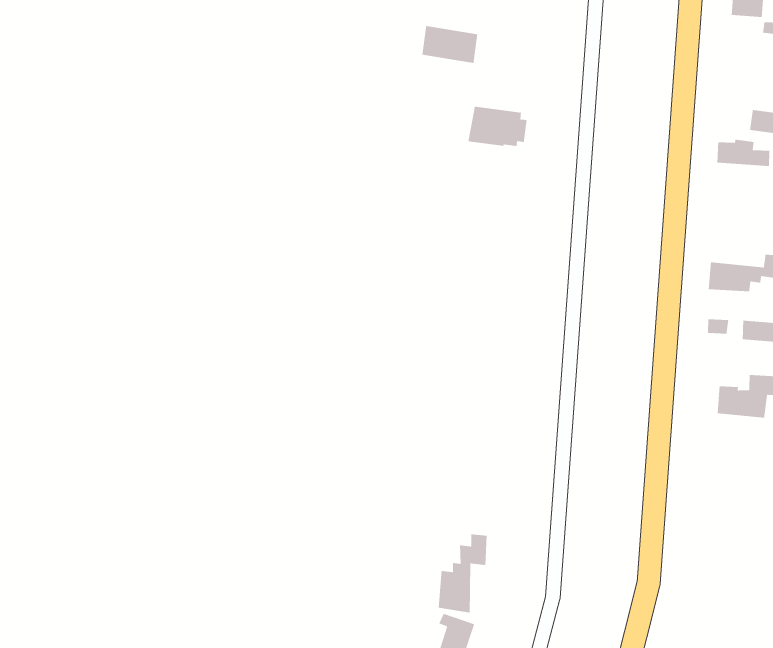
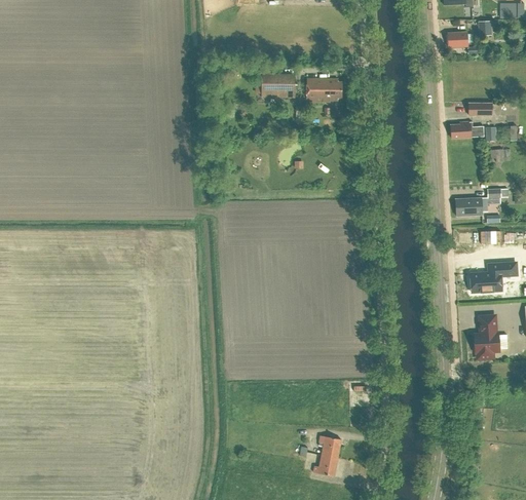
building: [468,106,528,147] -> [306,78,341,101]
building: none -> [474,315,499,355]
building: [438,533,487,613] -> none

